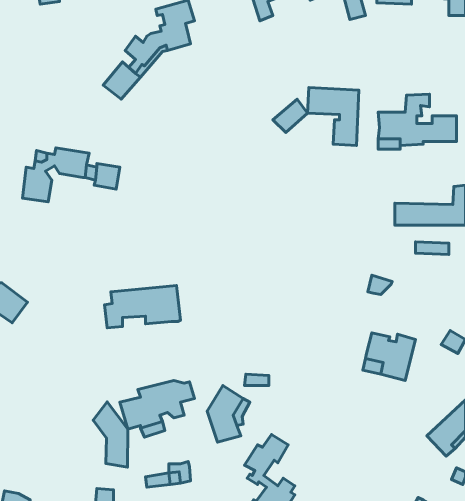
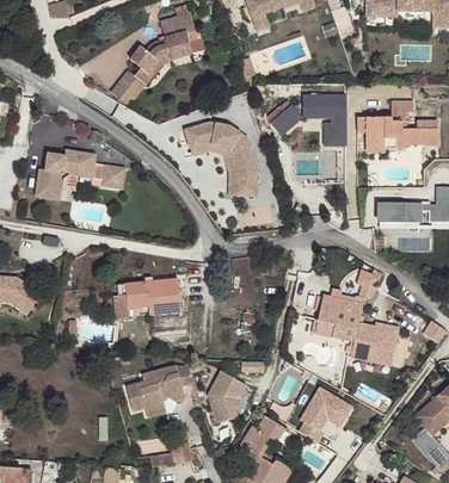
building: none -> [182,123,257,193]
building: none -> [312,295,363,341]
building: [93,402,128,467] -> none
building: none -> [295,390,351,441]

